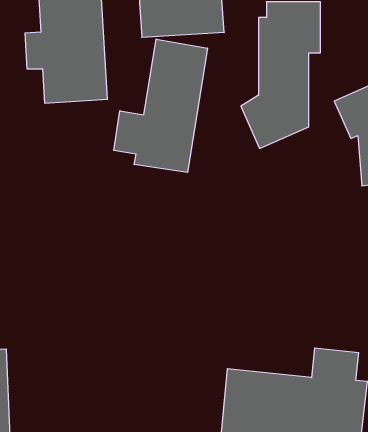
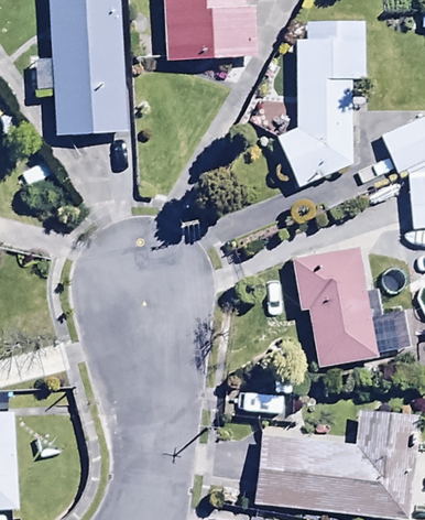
building: [114,39,207,172] -> none
building: none -> [292,242,380,368]

